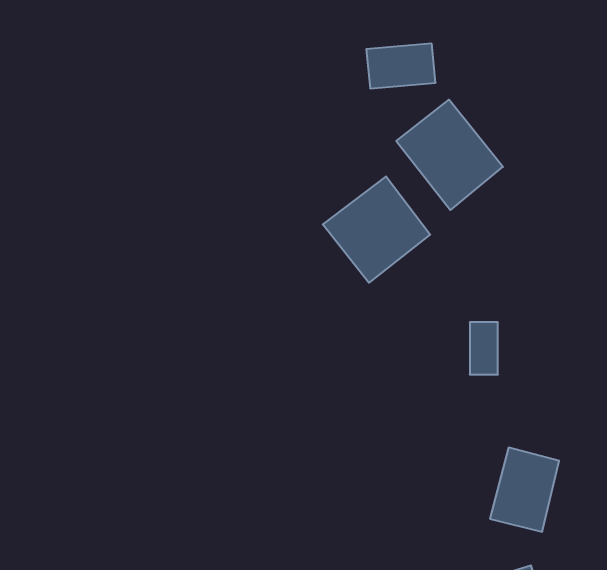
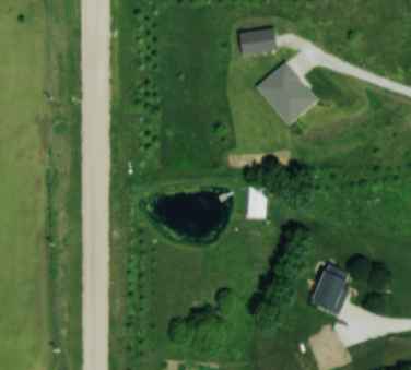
building: [323,176,430,283] -> none
building: [470,322,498,375] -> [249,187,266,217]

